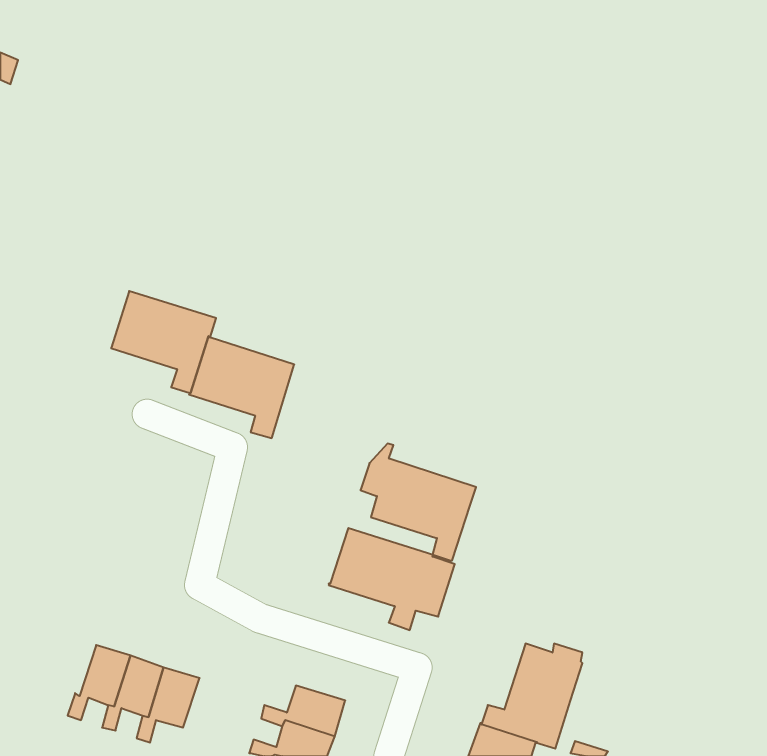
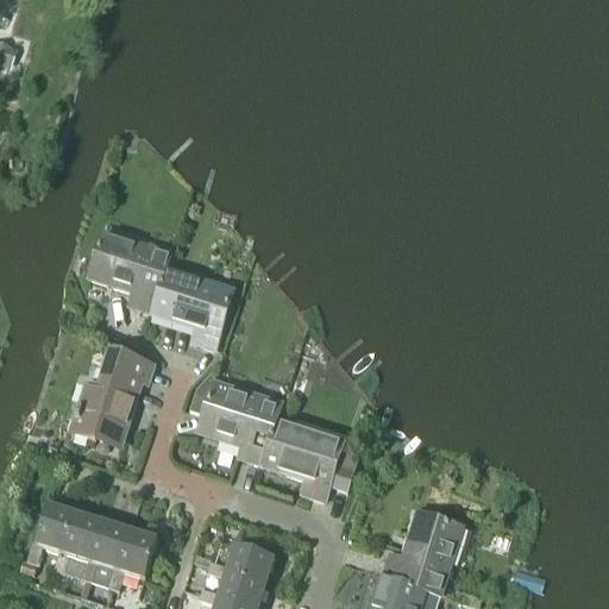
building: none -> [73,351,151,440]
building: [360,444,476,561] -> [189,370,281,463]
building: none -> [20,503,76,572]

